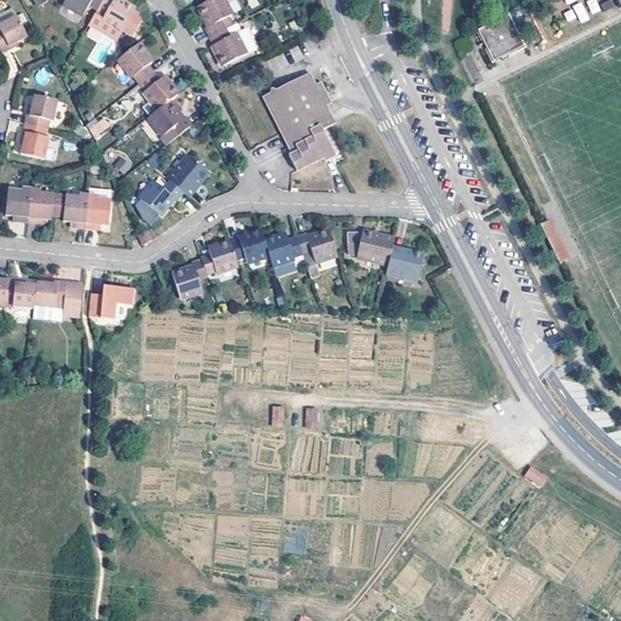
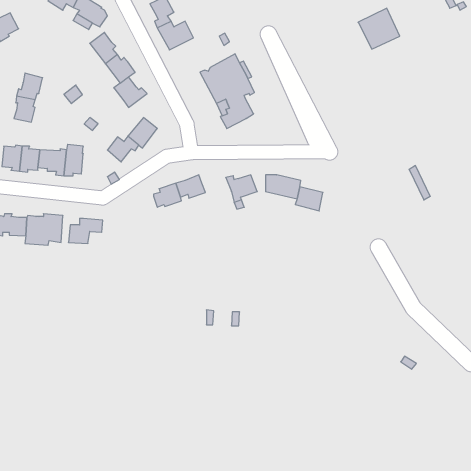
building: [264,232,303,274] -> none
building: [173,257,207,295] -> none

